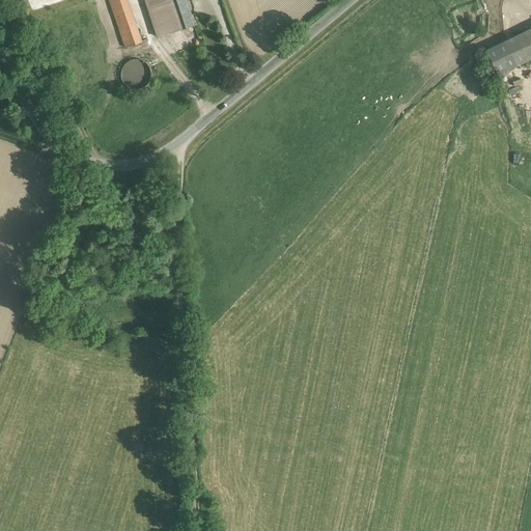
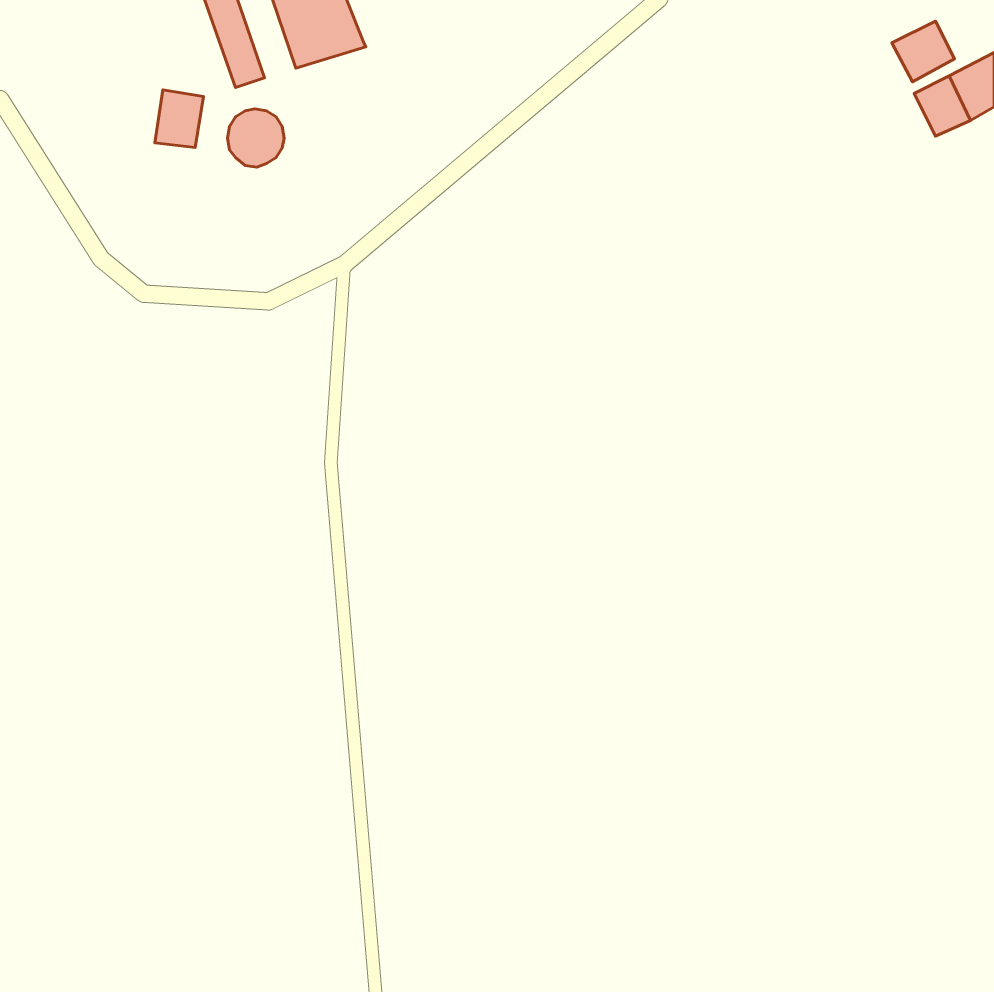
building: none -> [892,21,955,82]
building: none -> [155,90,204,148]

